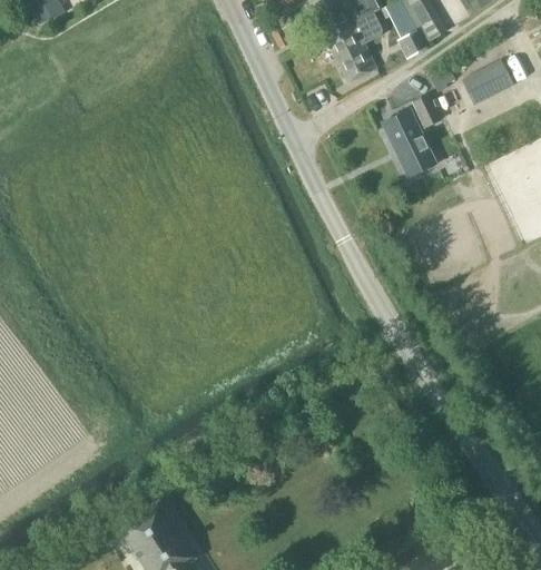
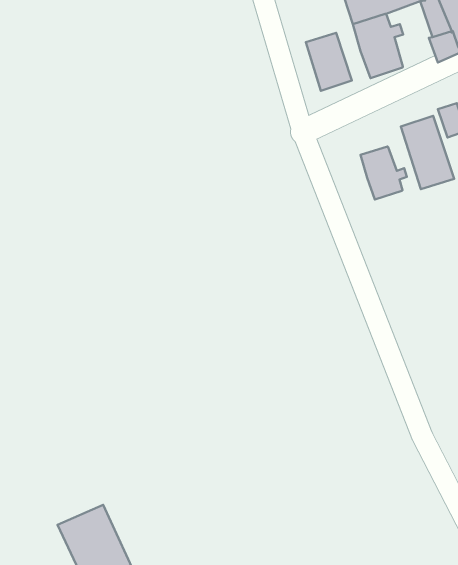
building: none -> [306,33,352,91]
building: none -> [361,146,407,199]

